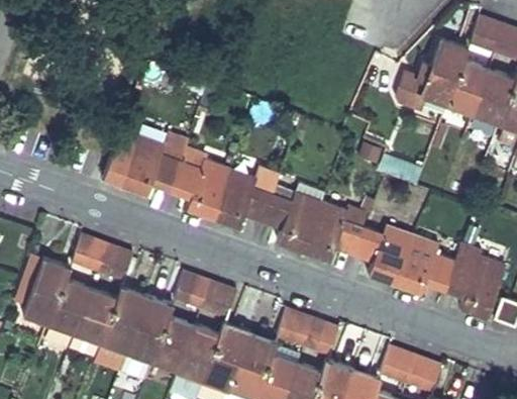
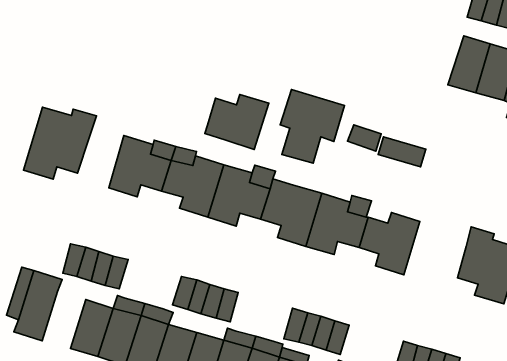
building: [396,40,469,110] -> none
building: none -> [280,90,344,163]
building: none -> [205,94,269,150]
building: none -> [24,107,97,179]
building: [394,234,454,293] -> none
building: [48,280,92,334] -> none

